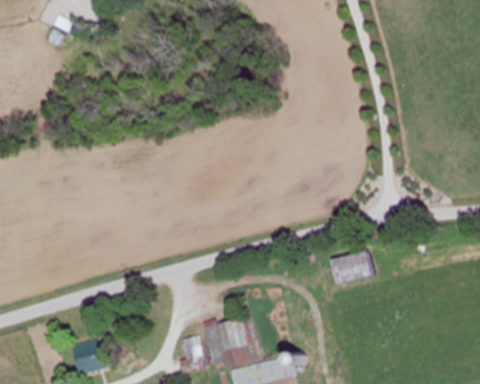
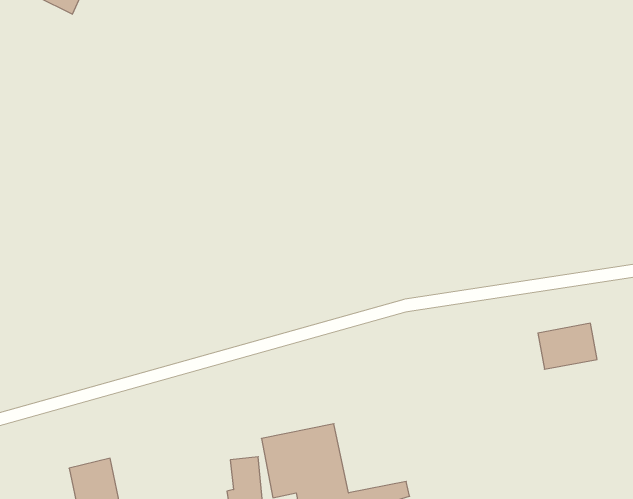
building: [333,252,372,283] -> [538,323,597,369]

